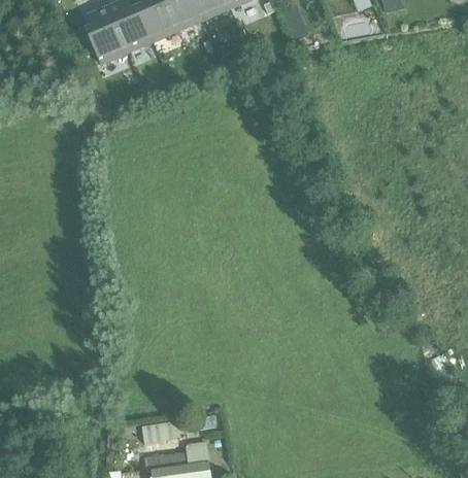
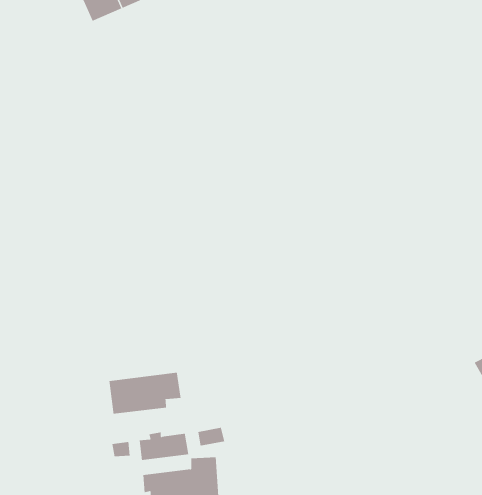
building: none -> [109,372,181,414]

